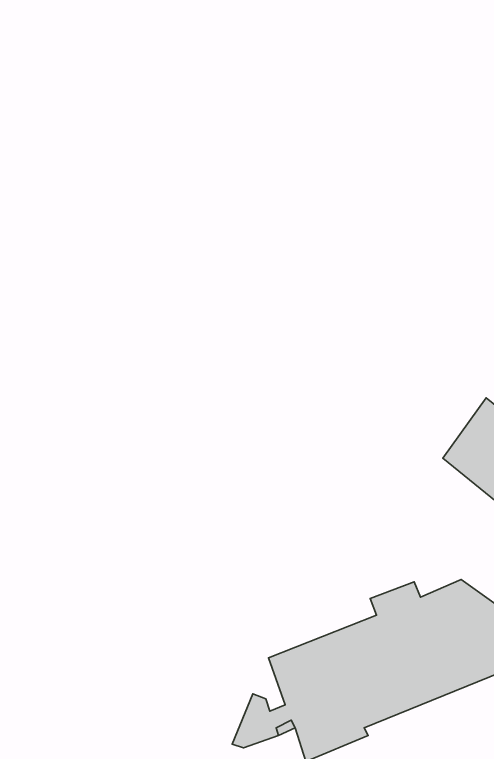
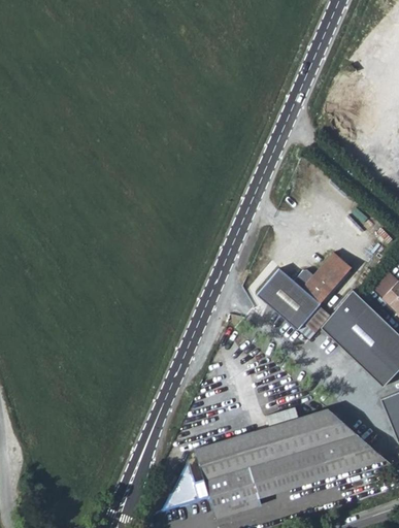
building: none -> [256,254,351,333]

